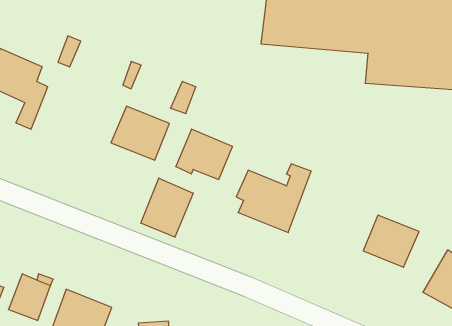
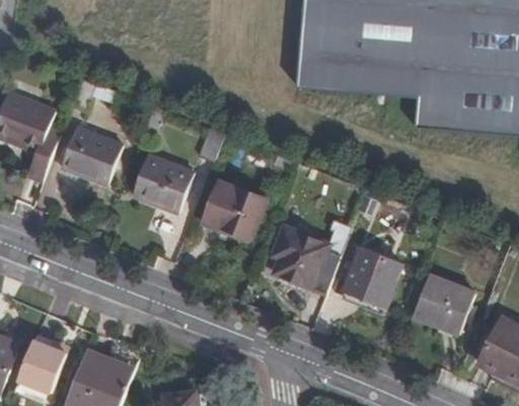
building: none -> [61,126,122,184]
building: [141,178,193,237] -> none
building: none -> [344,245,400,304]

